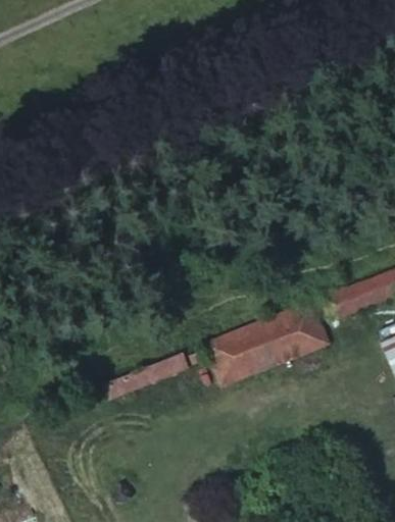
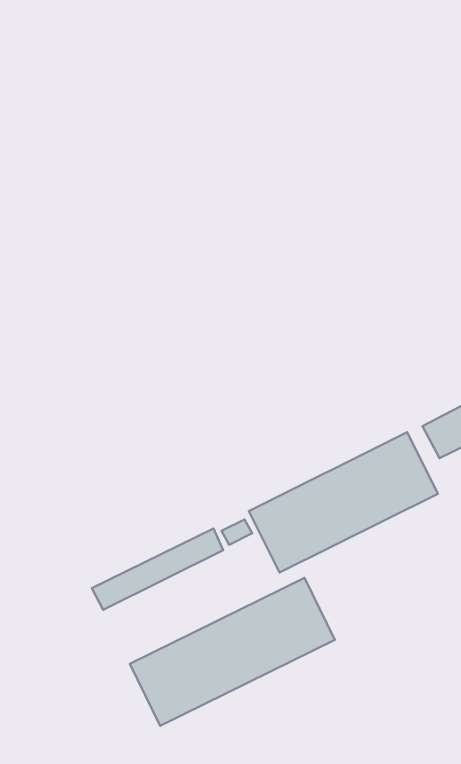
building: none -> [130,578,335,726]

